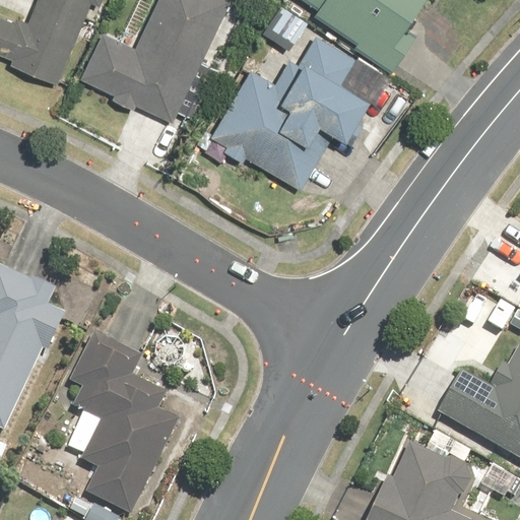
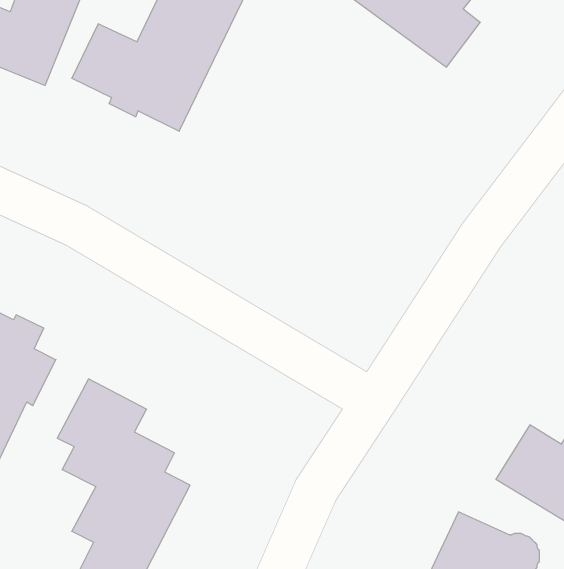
building: [211,34,376,188] -> none

